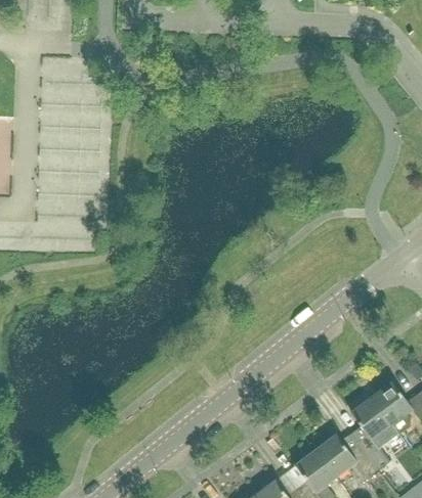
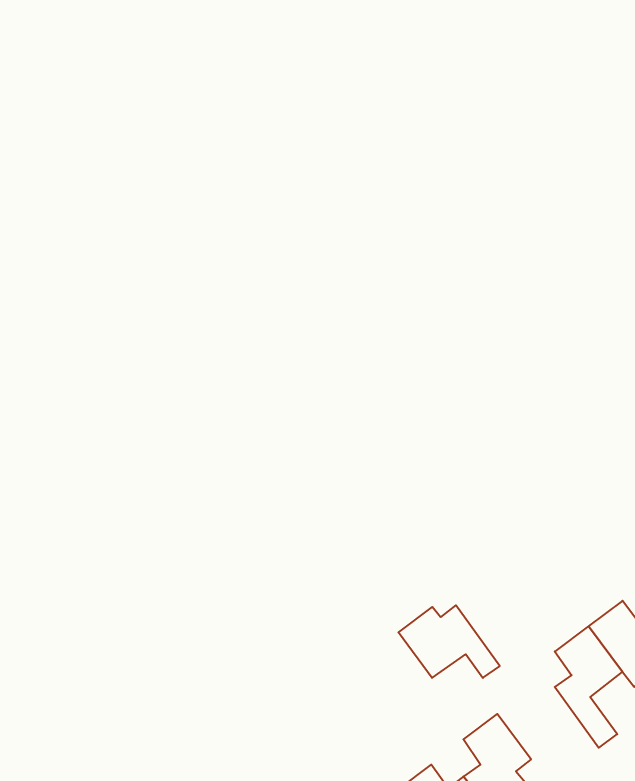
building: [313,435,375,479] -> [398,605,500,678]

